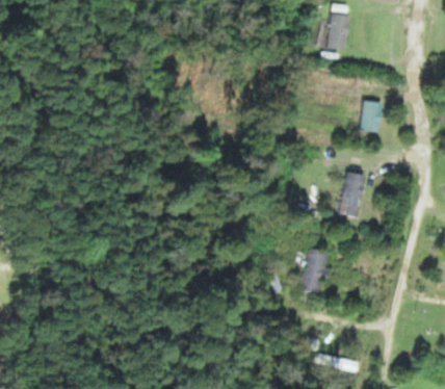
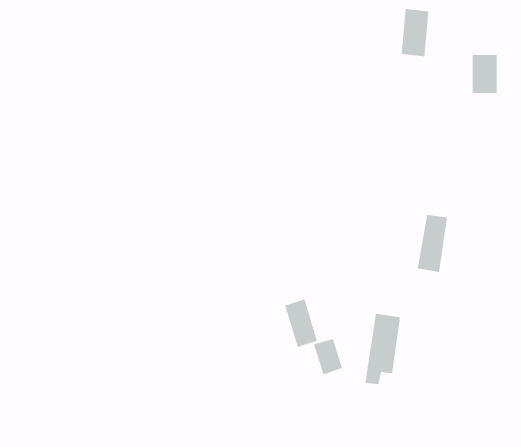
building: [361,102,381,132] -> [472,54,498,93]
building: none -> [284,298,318,348]

